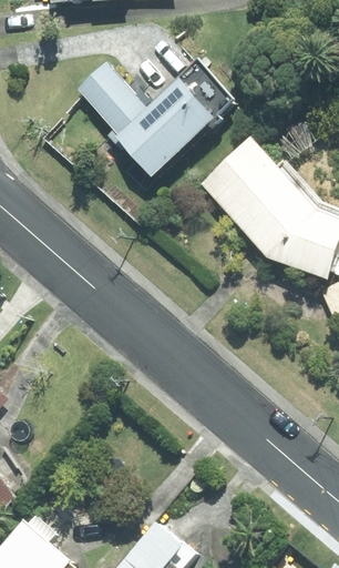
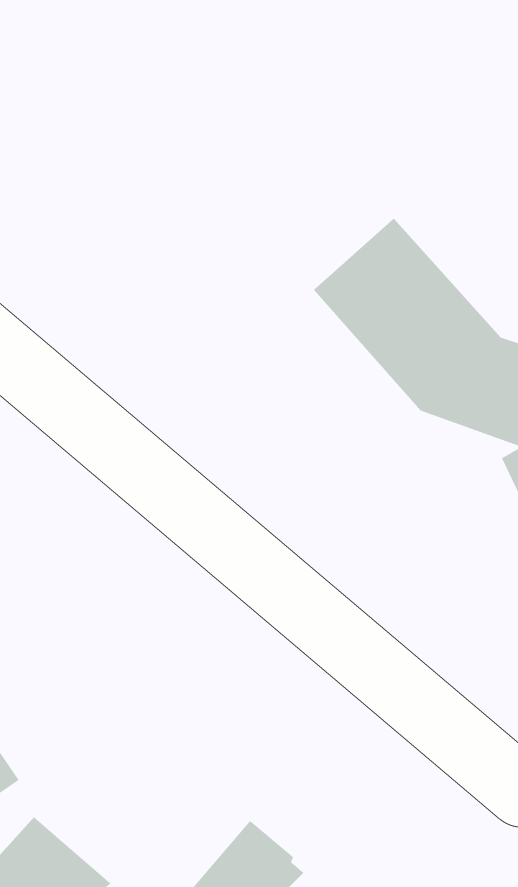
building: [78,63,218,182] -> none

